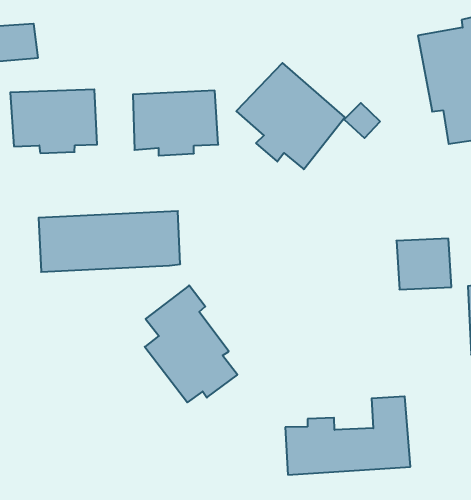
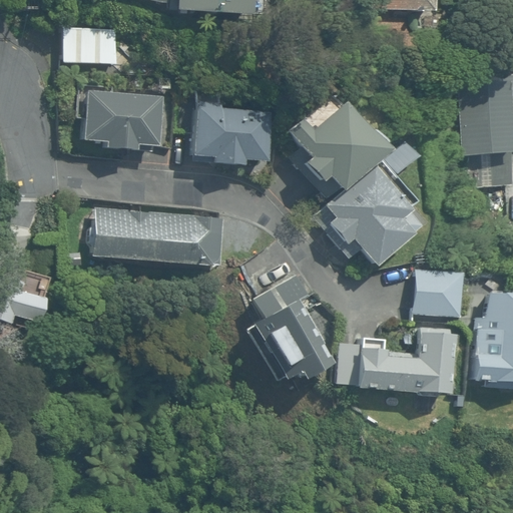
building: none -> [316,161,424,269]
building: [145,285,237,402] -> [251,275,332,380]
building: [285,396,410,475] -> [338,328,452,394]

